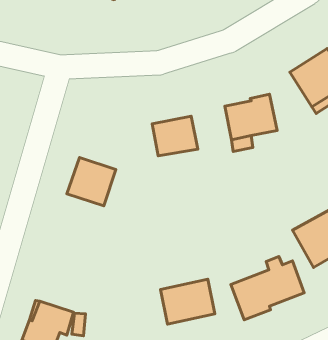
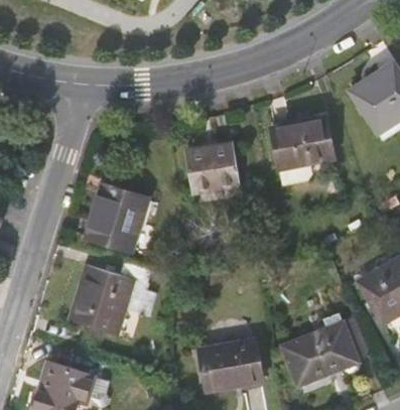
building: none -> [70,261,150,335]

